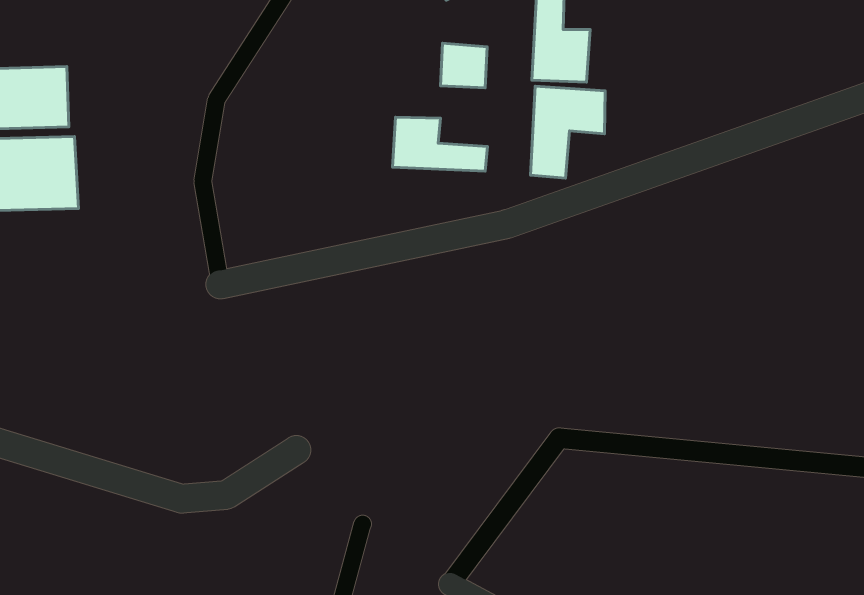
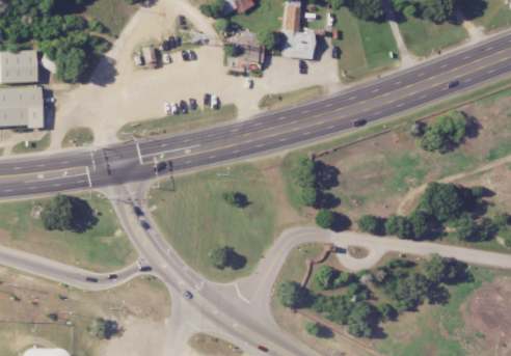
building: [530,86,605,178] -> none
building: [393,117,488,171] -> none

